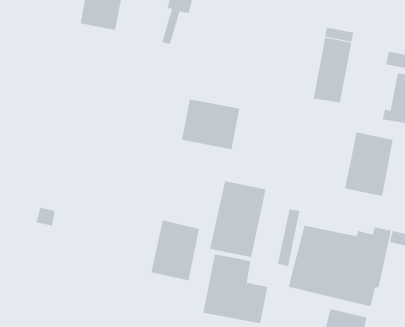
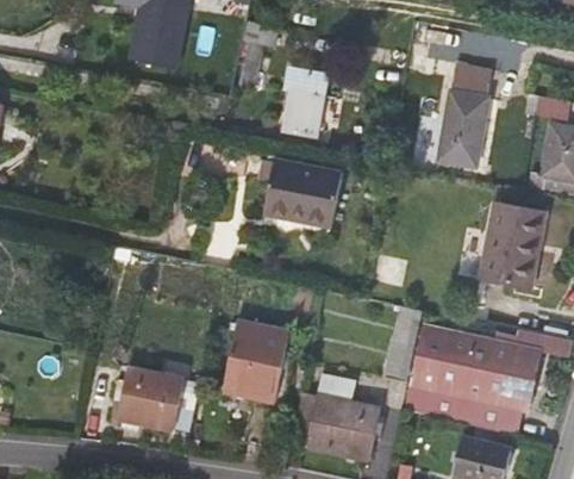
building: none -> [285,67,327,136]
building: [209,181,266,258] -> none
building: none -> [117,366,185,430]

